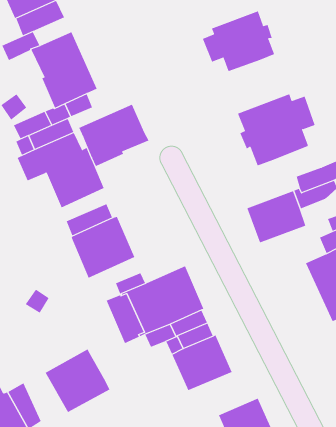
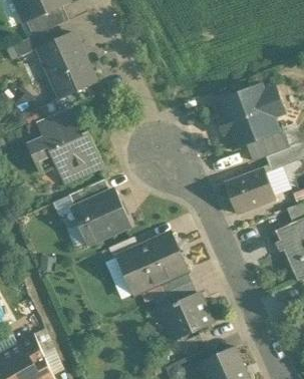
building: [202,11,275,72] -> none
building: [79,104,149,167] -> none
building: none -> [248,128,289,160]
building: [45,349,110,413] -> none

